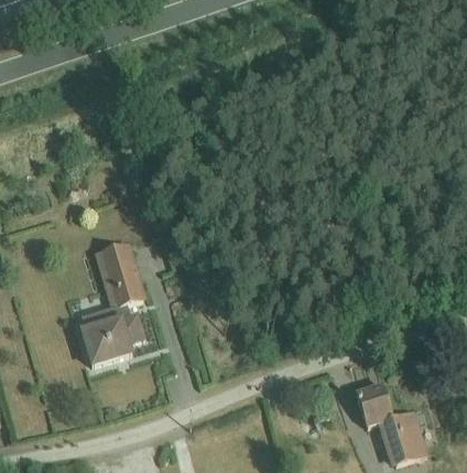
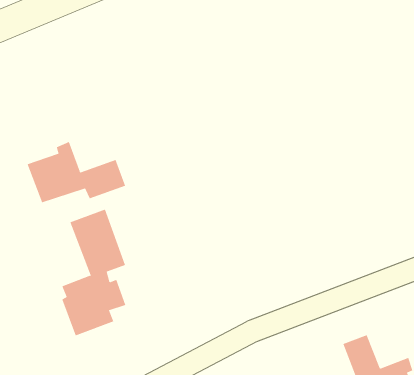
building: none -> [27,141,126,203]

